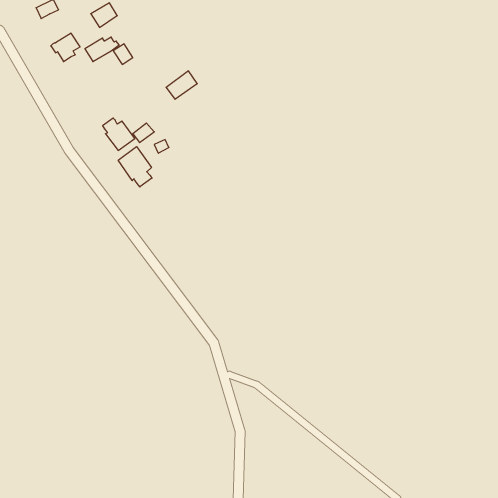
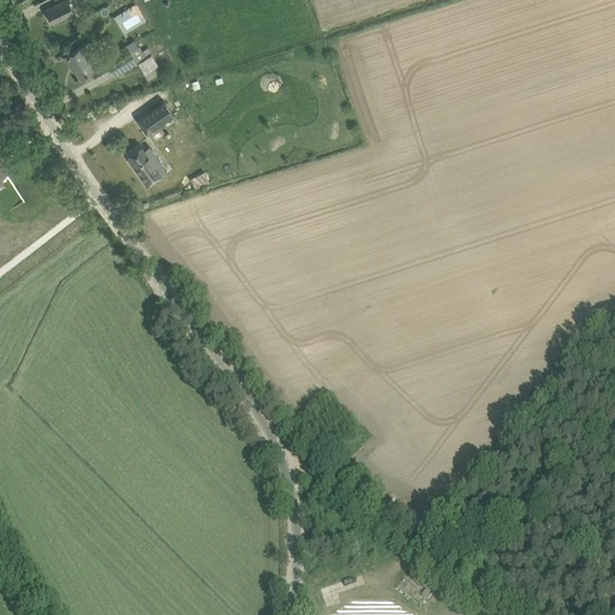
building: [166,71,197,99] -> [135,101,173,136]
building: [118,147,152,187] -> none

